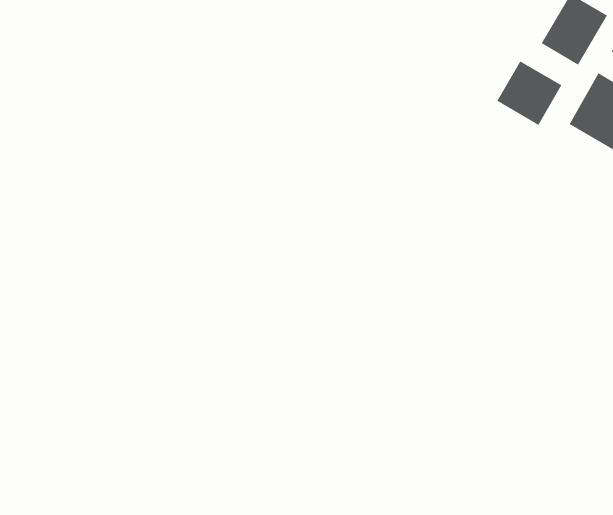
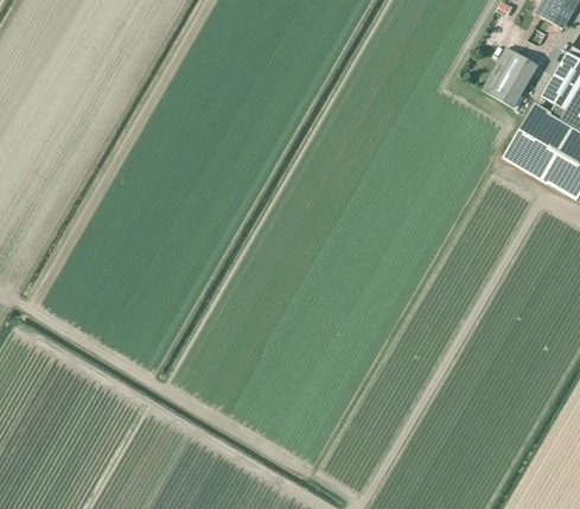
building: [496,60,562,126] -> none

